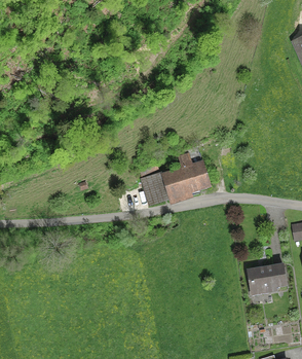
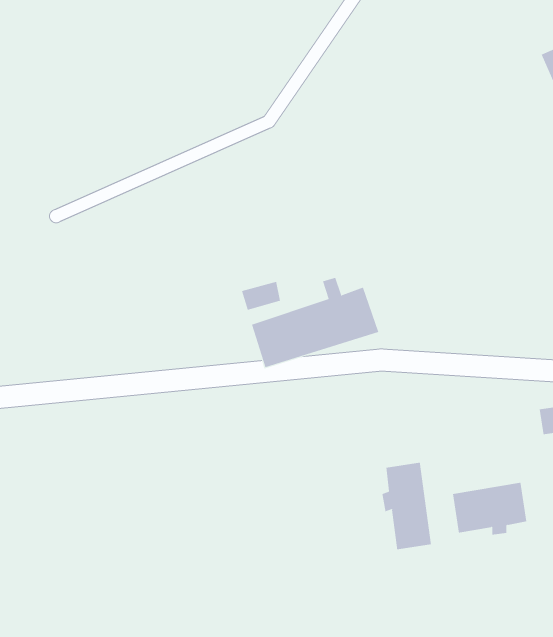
building: none -> [382,462,431,550]

